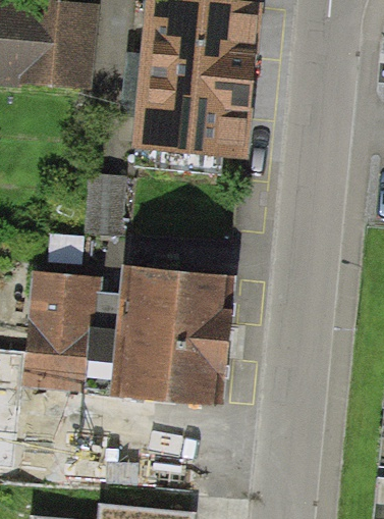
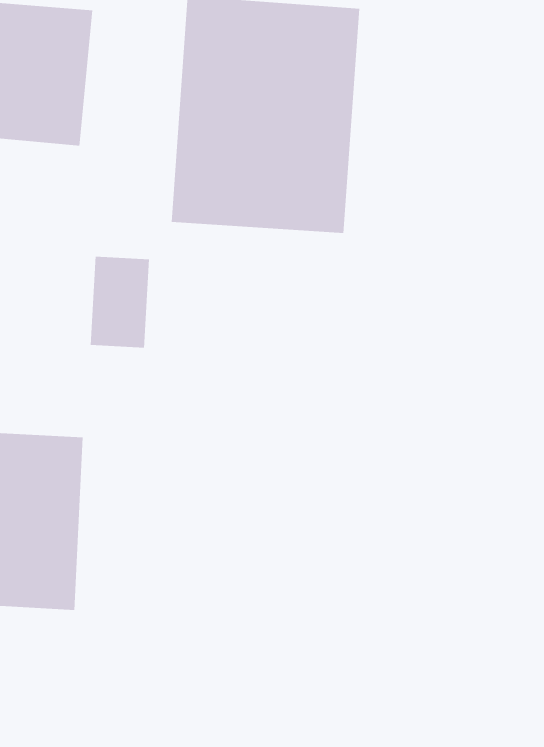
building: [119,273,226,402] -> none

